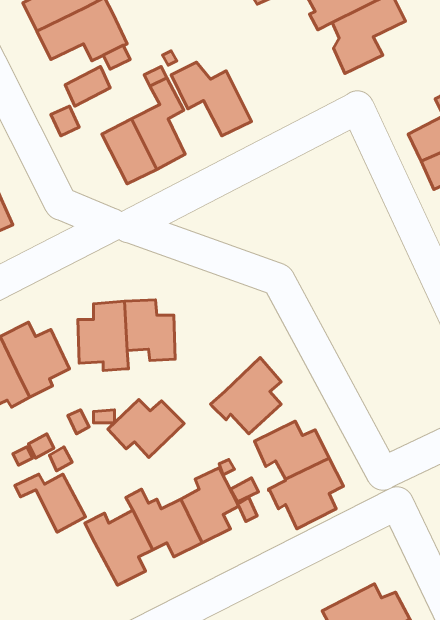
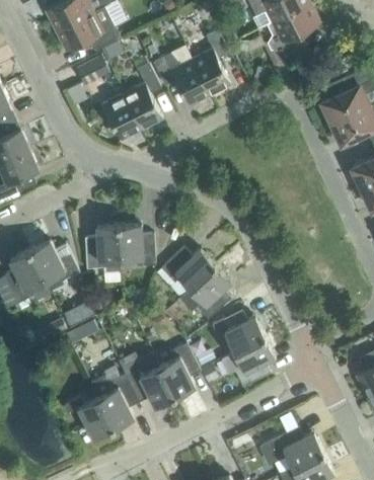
building: none -> [192,29,230,95]
building: [108,399,184,457] -> [161,247,216,289]
building: [15,474,85,532] -> [63,397,114,438]

